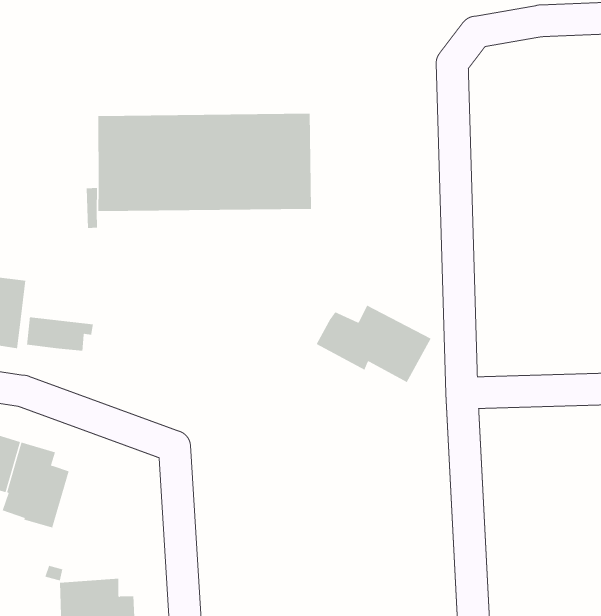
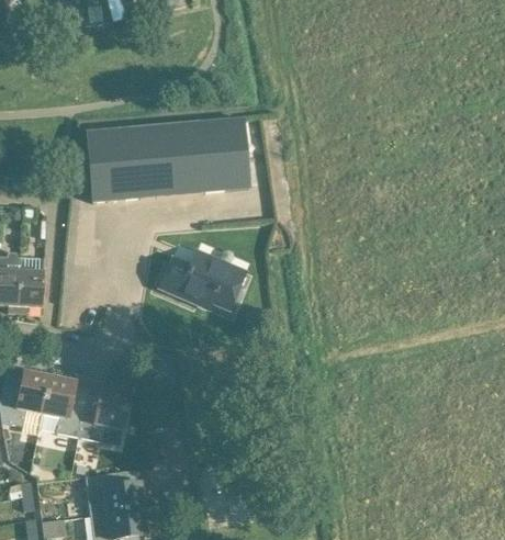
building: [316,305,432,383] -> [159,254,244,308]
building: [26,316,93,352] -> none
building: none -> [78,385,131,443]

